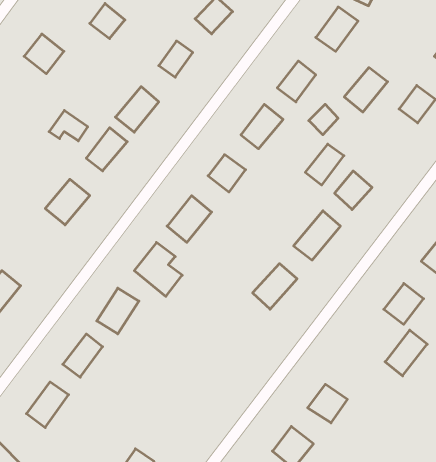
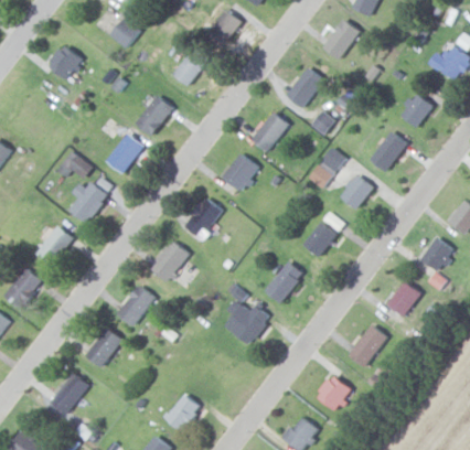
building: [344,68,388,112] -> [367,130,408,172]
building: [49,110,88,141] -> [56,150,93,179]
building: none -> [33,224,74,267]
building: none -> [222,300,267,344]
building: [385,330,427,376] -> [348,324,387,367]
building: none -> [161,392,201,433]

